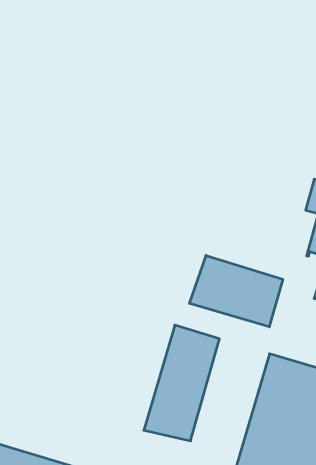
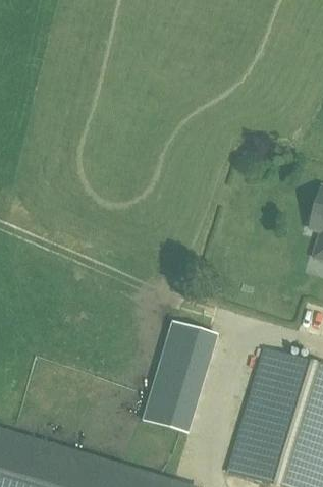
building: [190,255,283,327] -> none

